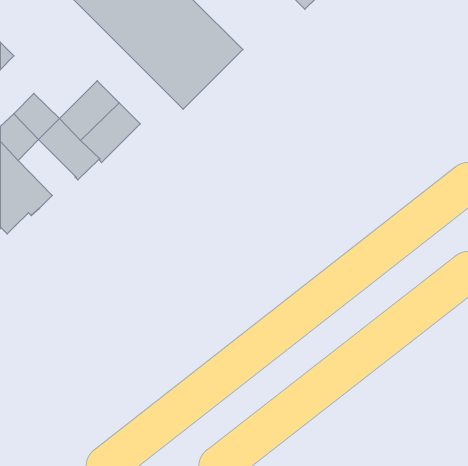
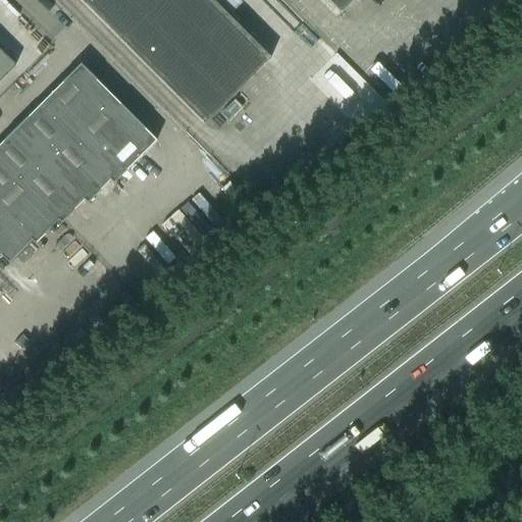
building: none -> [38,61,108,132]
building: none -> [20,155,85,220]

